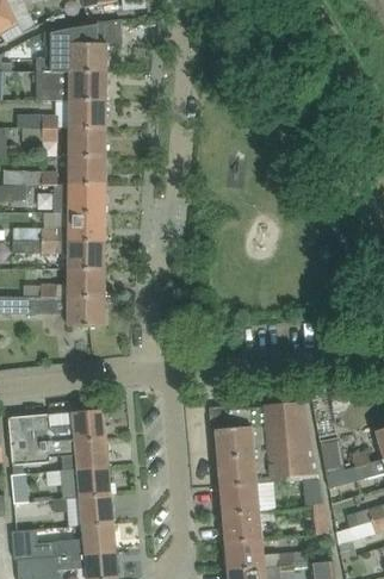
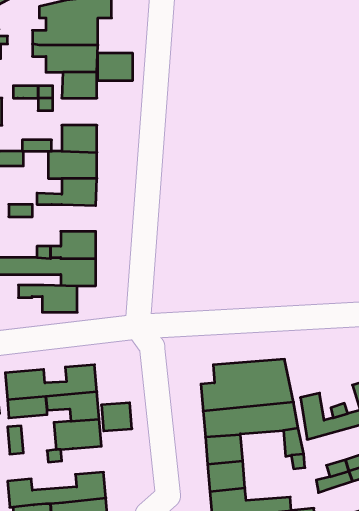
building: [68,129,105,157] -> [98,53,133,80]
building: [42,241,104,269] -> [18,285,77,312]
building: [80,496,112,525] -> [101,403,132,431]

